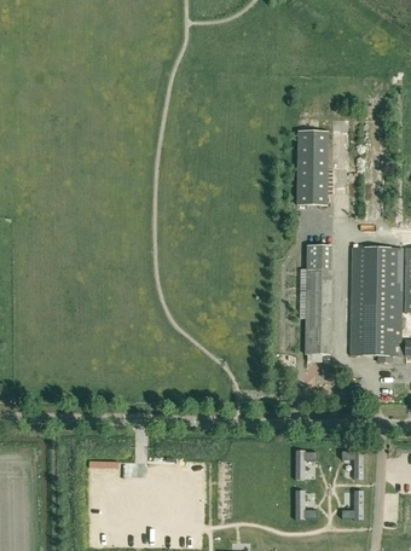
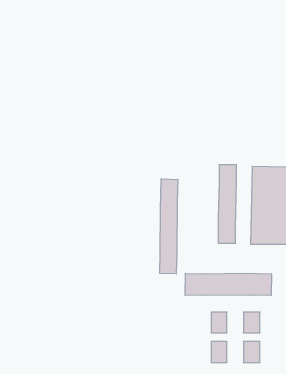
building: [296,129,328,204] -> none
building: none -> [160,179,178,274]
building: none -> [185,273,271,295]

